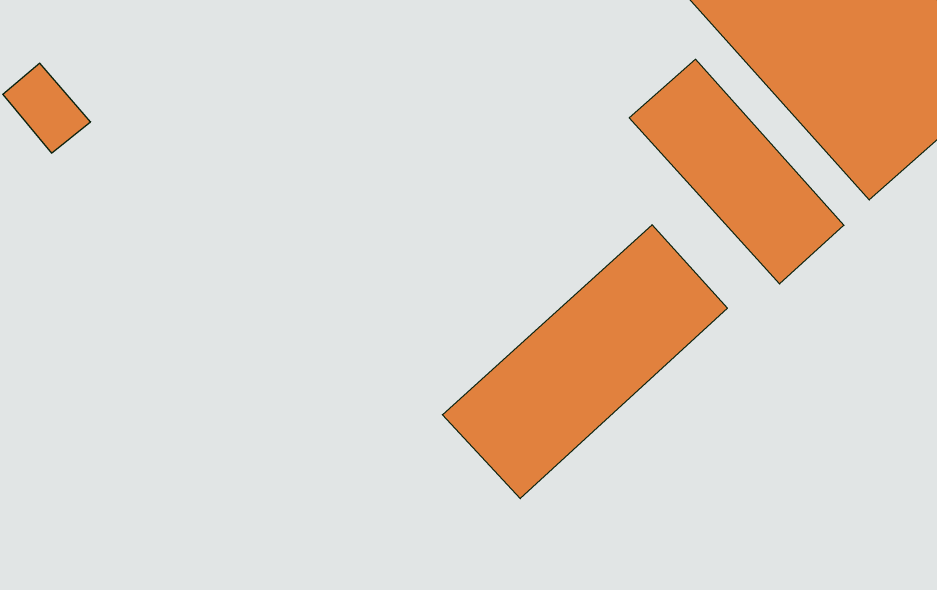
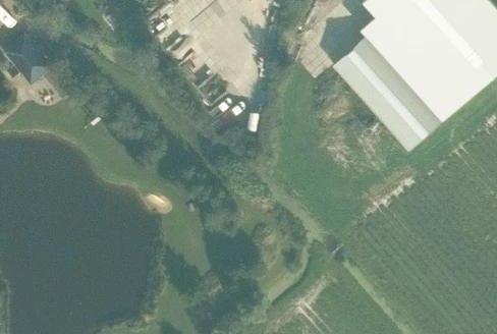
building: [442,225,727,499] -> none

